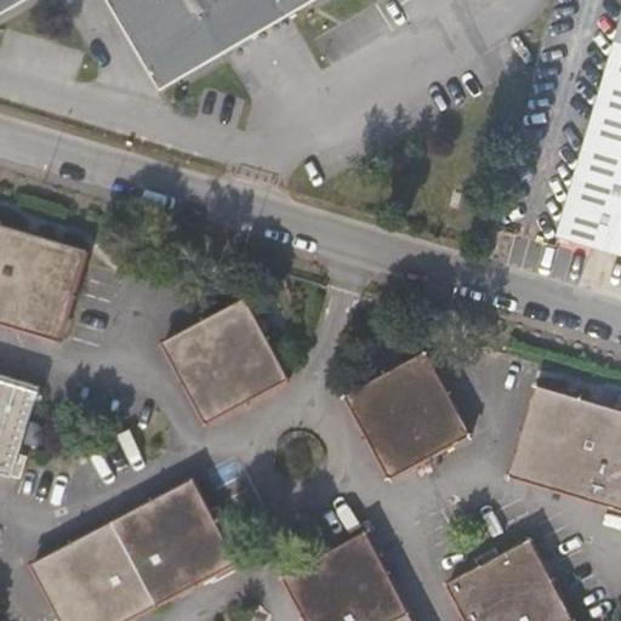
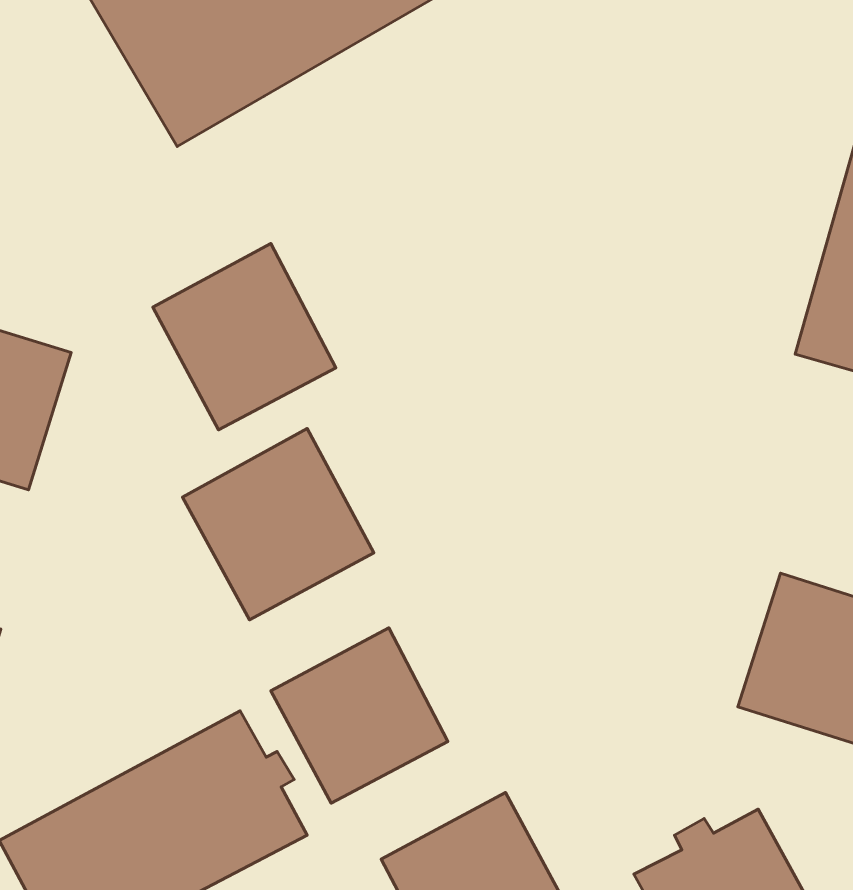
building: none -> [153,244,336,430]
building: [348,352,472,474] -> none
building: none -> [271,628,448,803]

